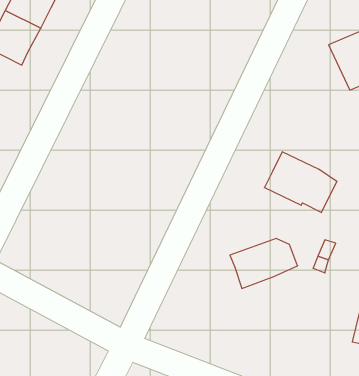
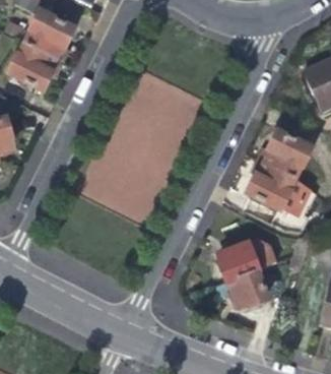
building: none -> [264,131,310,177]
building: none -> [229,268,267,306]

